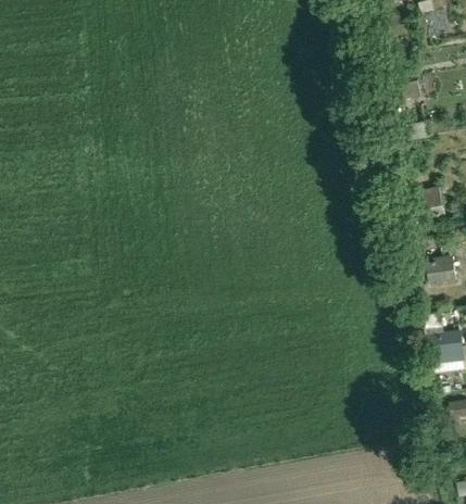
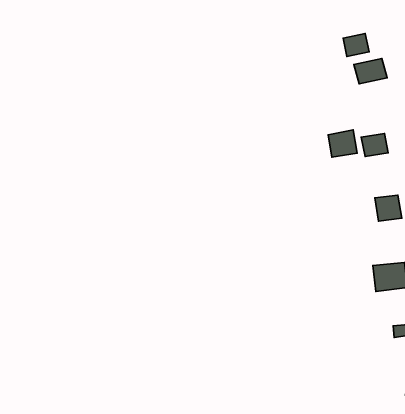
building: none -> [354,59,387,84]
building: none -> [328,130,357,157]

